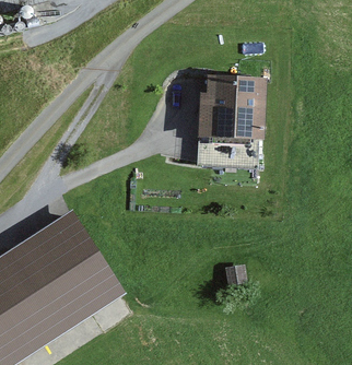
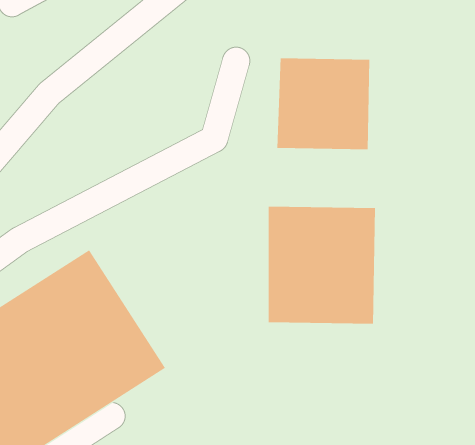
building: none -> [268,206,375,325]

